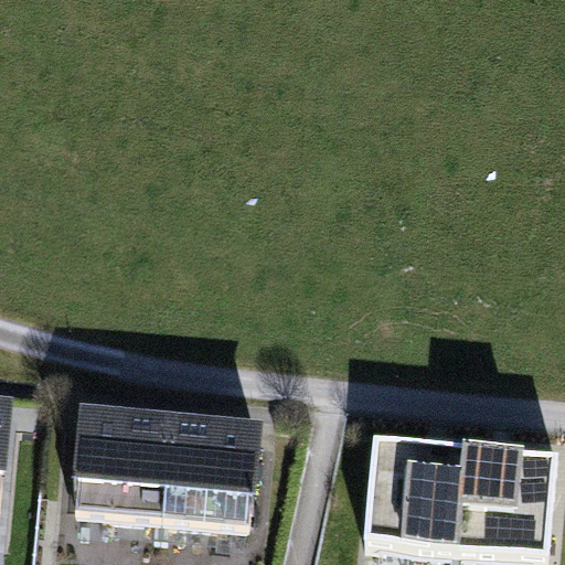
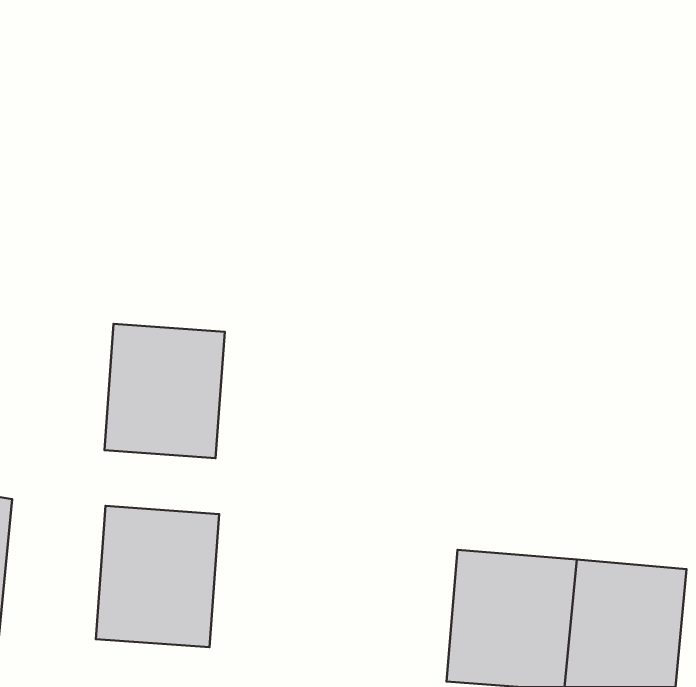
building: none -> [105,324,225,458]
building: [169,414,268,526] -> none

